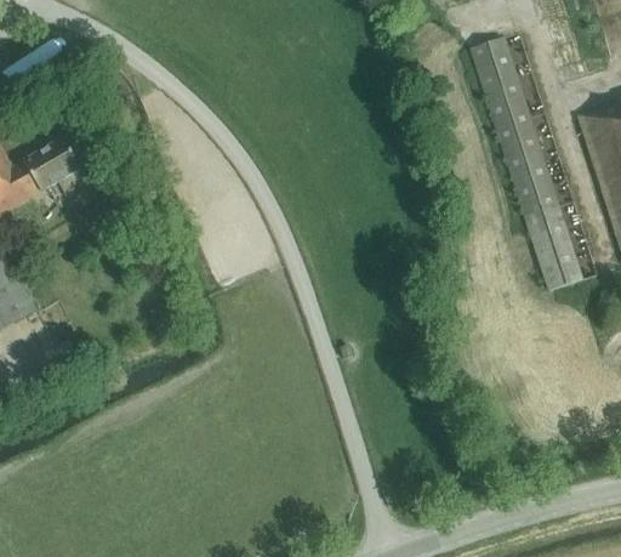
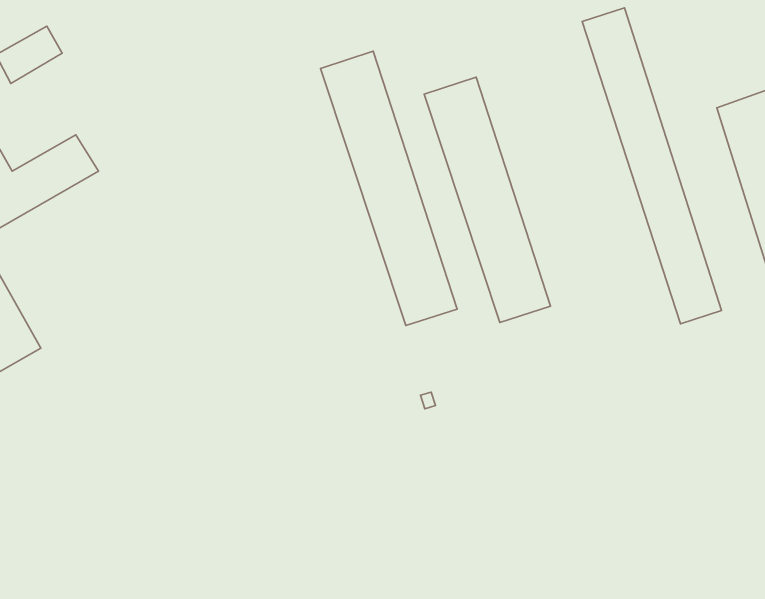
building: none -> [321,51,457,325]
building: none -> [424,77,551,322]

